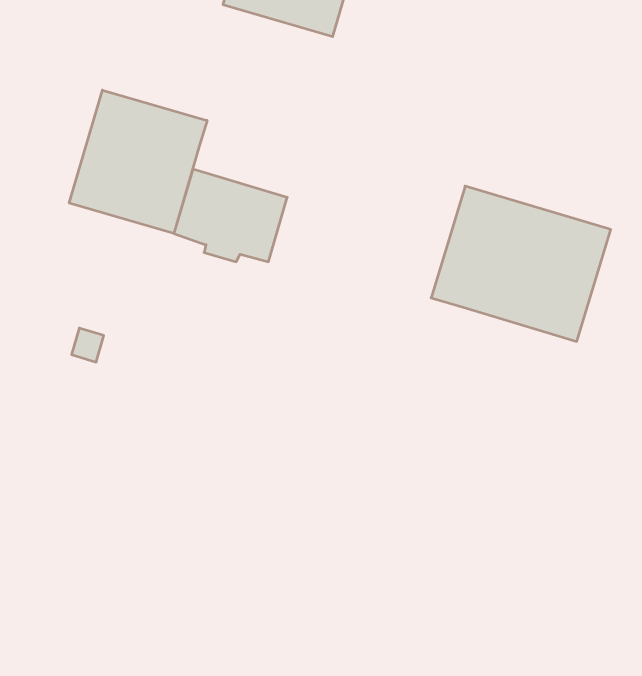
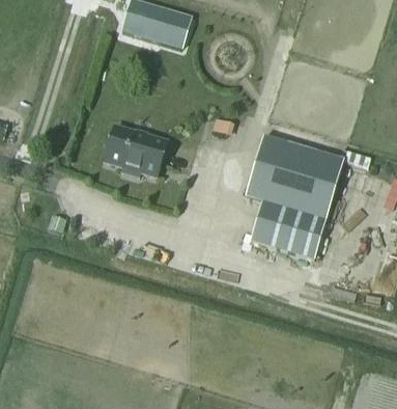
building: [69,90,207,233] -> none
building: none -> [250,200,324,258]

